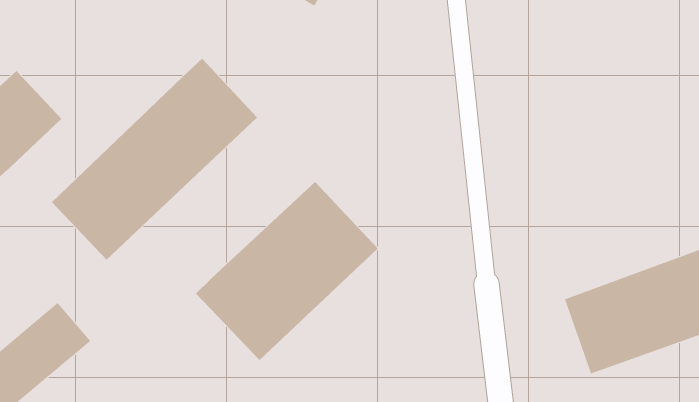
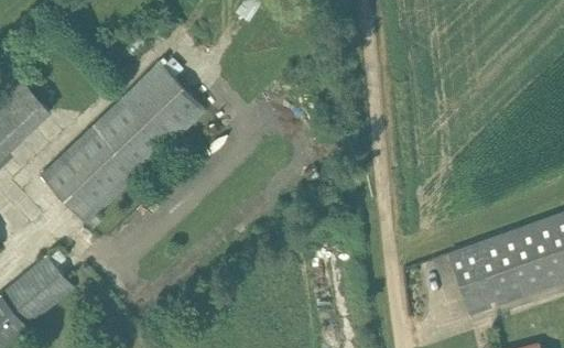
building: [195,181,378,361] -> none

